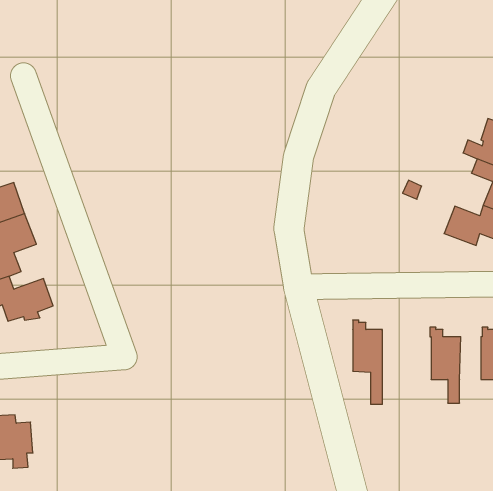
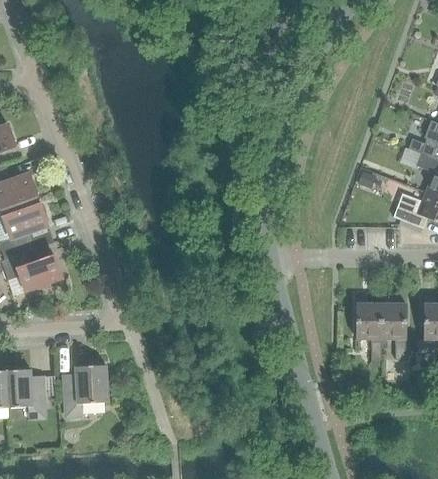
building: [353,320,382,404] -> [356,295,381,366]
building: none -> [62,364,108,416]

